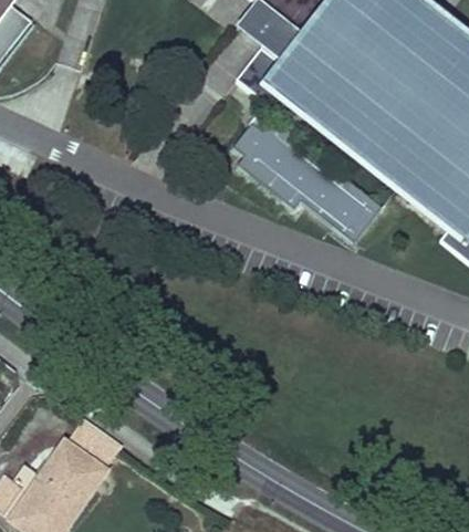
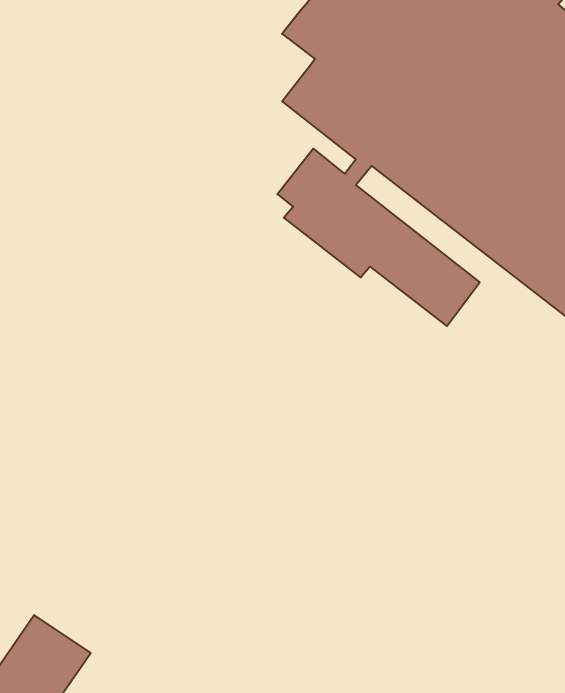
building: [63,414,122,467] -> none

